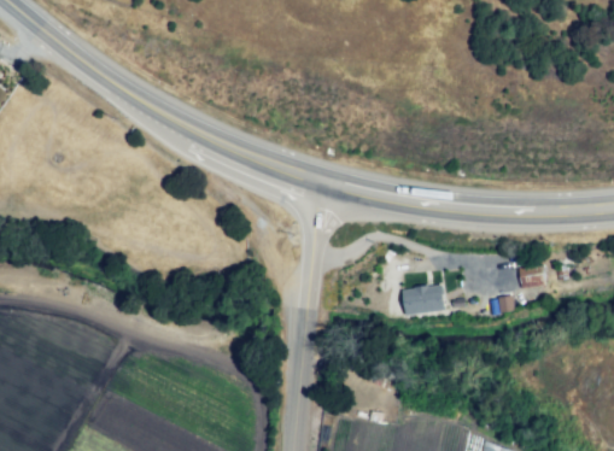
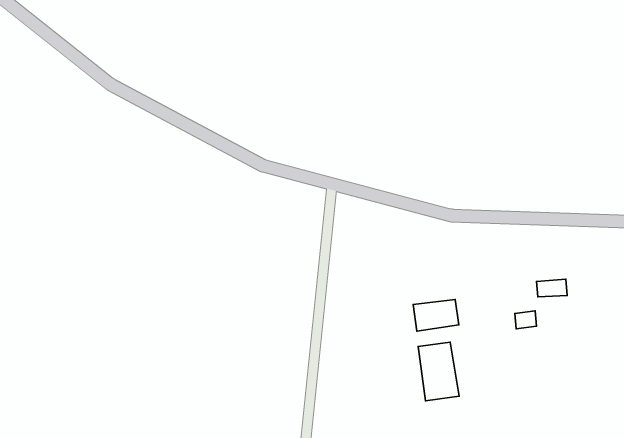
building: none -> [418,342,459,401]

